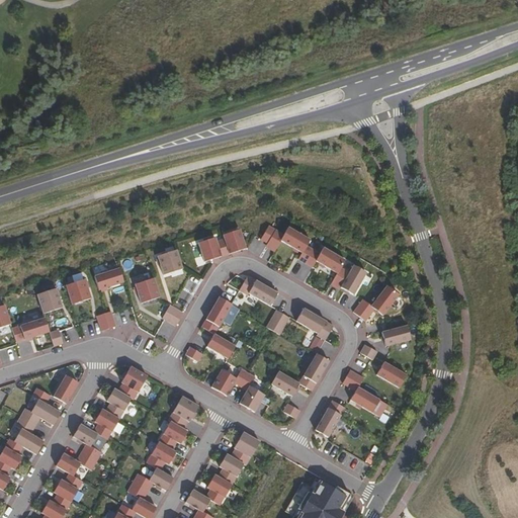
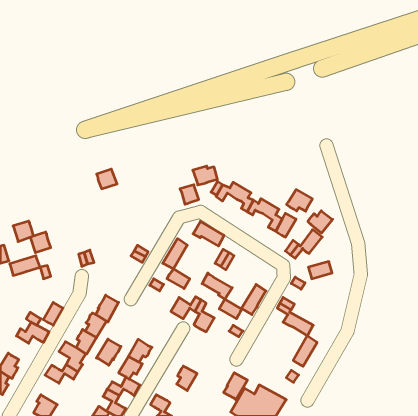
building: none -> [287,190,312,211]
building: [198,237,229,260] -> [193,166,217,185]
building: [158,249,183,273] -> [97,169,117,189]
building: none -> [308,211,333,233]
building: [94,267,123,288] -> none
building: [135,277,160,301] -> none
building: [66,278,91,304] -> [13,221,34,242]
building: [296,307,334,339] -> [202,273,232,299]
building: [376,360,407,386] -> none
building: [168,396,198,428] -> [96,339,121,365]
building: [316,399,345,436] -> [293,336,317,366]
building: [14,416,44,453] -> none
building: [231,431,260,464] -> [224,373,247,400]
building: [54,468,83,501] -> none
building: [206,473,232,504] -> none

